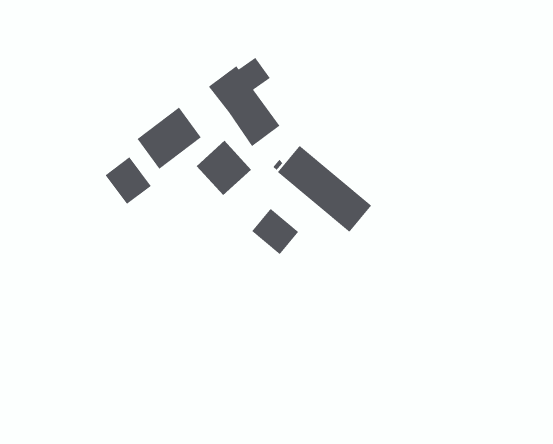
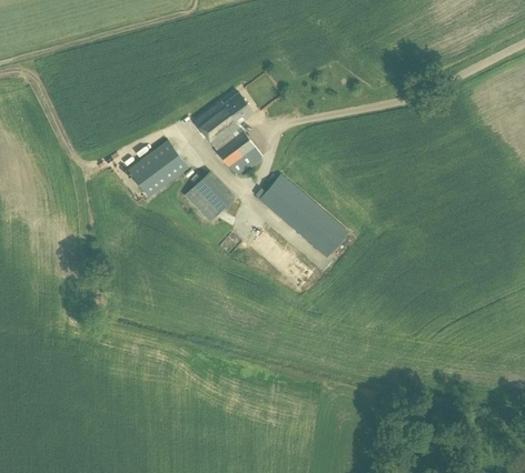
building: [105,156,152,205] -> none
building: [251,208,299,255] -> none

